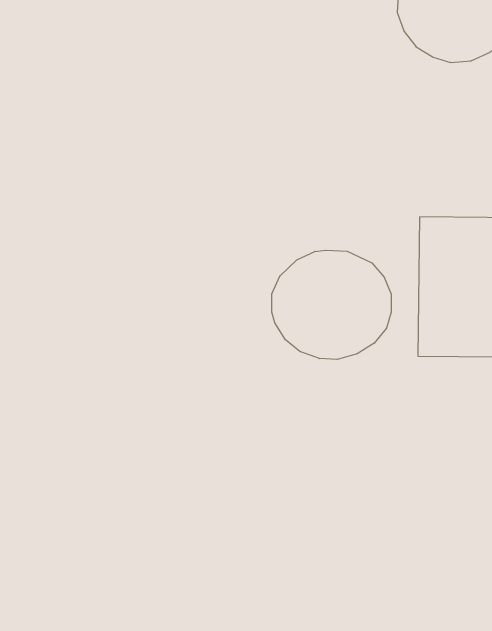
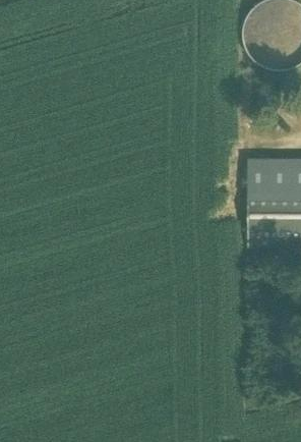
building: [272,250,391,359] -> none

